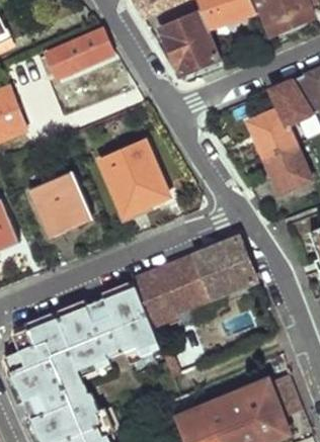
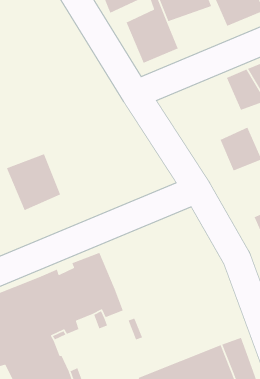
building: [45,30,112,80] -> none
building: [250,107,297,157] -> none
building: [100,141,169,217] -> none
building: [134,239,254,321] -> none

